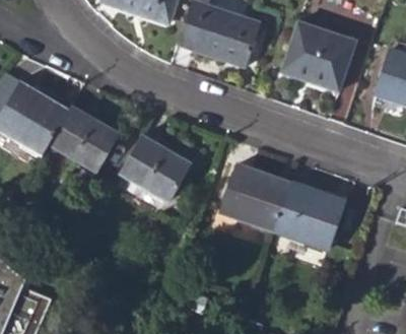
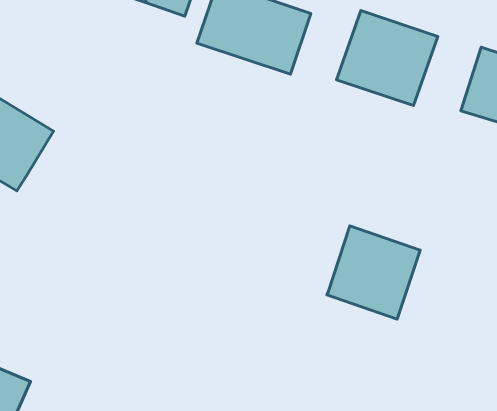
building: [48,106,118,173] -> none
building: [118,134,189,202] -> none
building: [220,162,290,231] -> none

